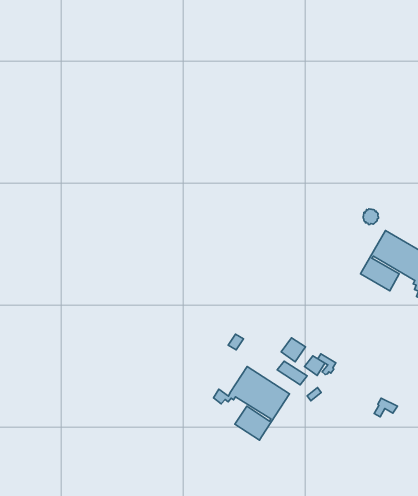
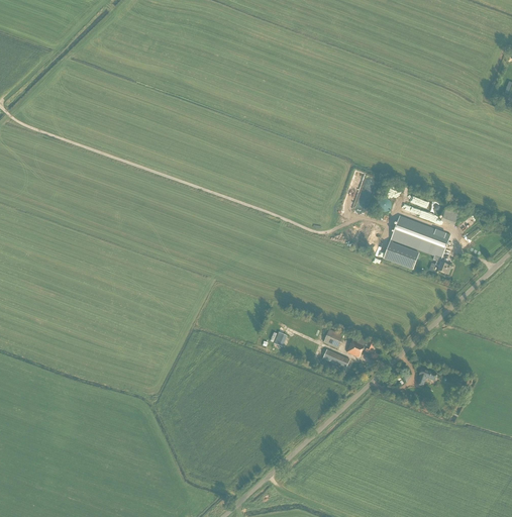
building: [213,367,290,440] -> none

